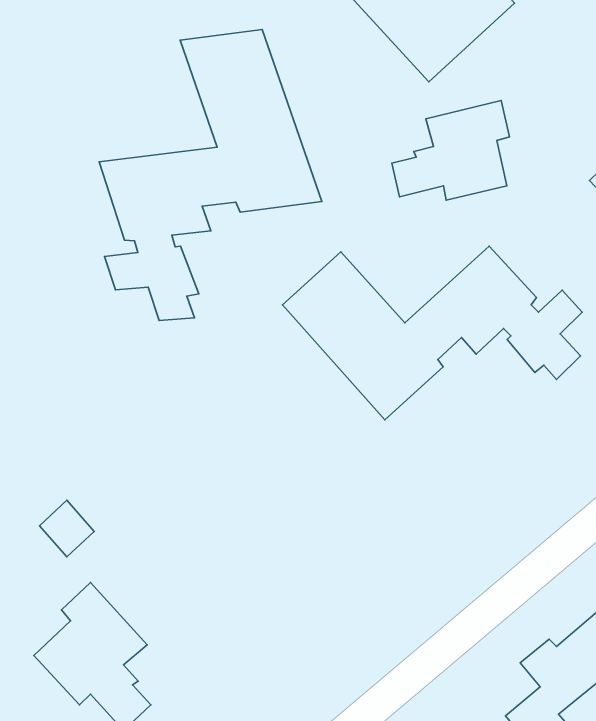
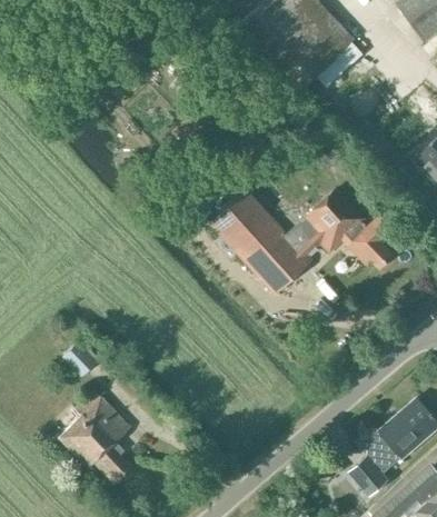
building: [99,30,322,321] -> none
building: [392,101,510,200] -> none

